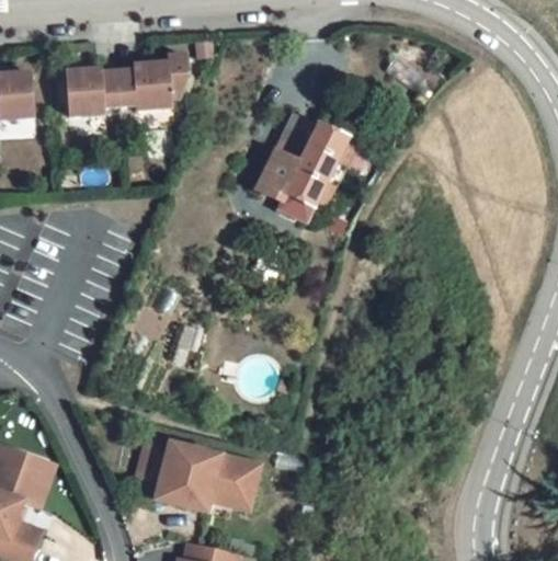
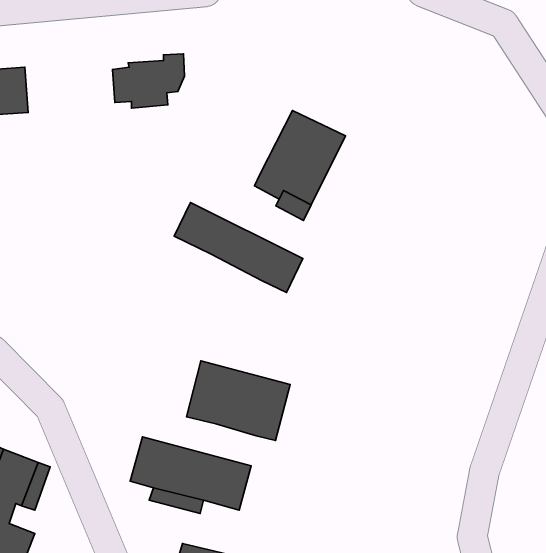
building: [66,67,121,115] -> none
building: none -> [174,202,303,292]
building: none -> [186,361,290,440]

